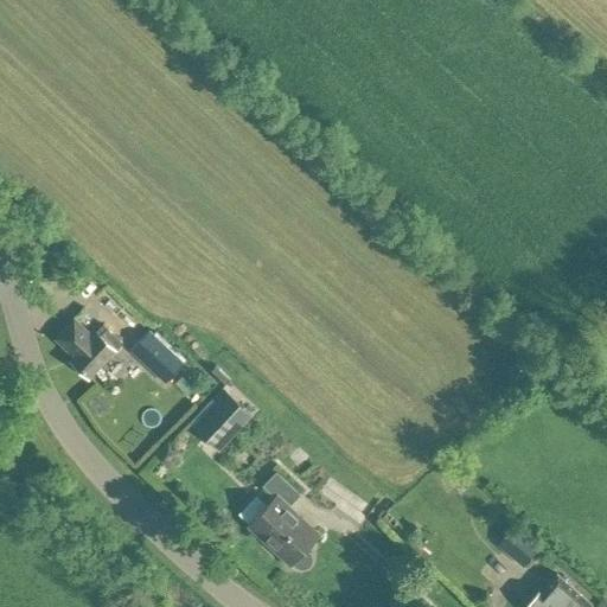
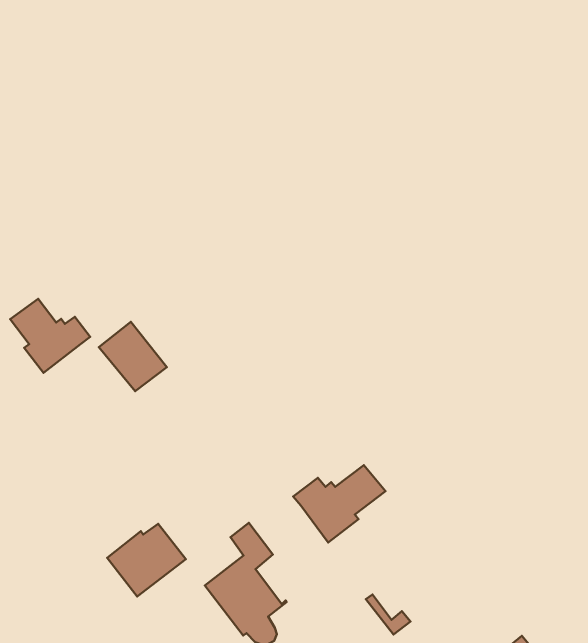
building: [189,392,253,454] -> [107,524,186,596]
building: none -> [293,465,385,542]

